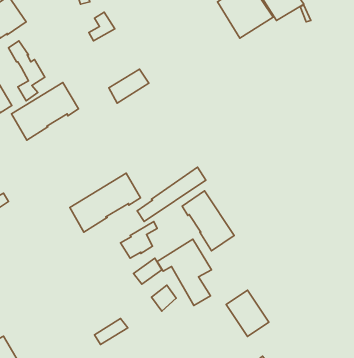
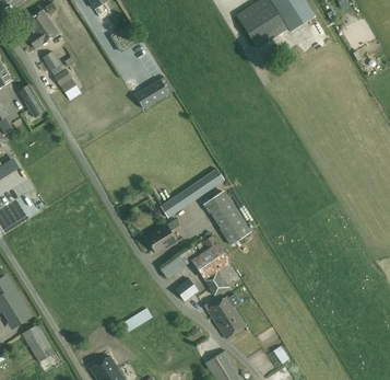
building: [12,83,78,140] -> none
building: [70,173,140,232] -> none
building: [226,290,269,336] -> [206,296,246,338]

